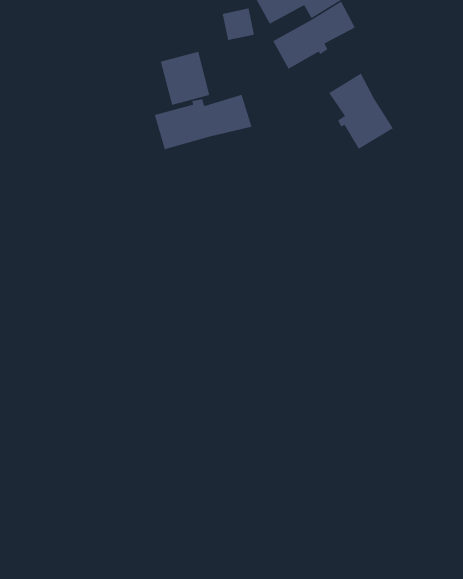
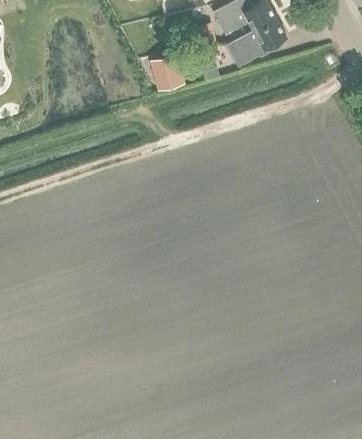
building: [328,72,394,150] -> none
building: [154,94,252,150] -> none

